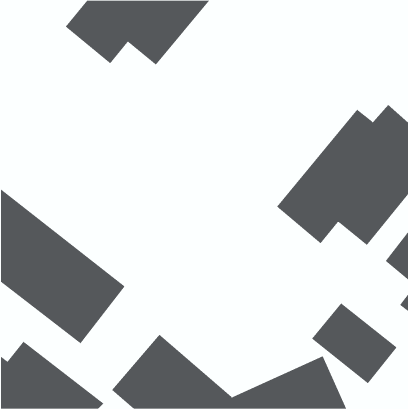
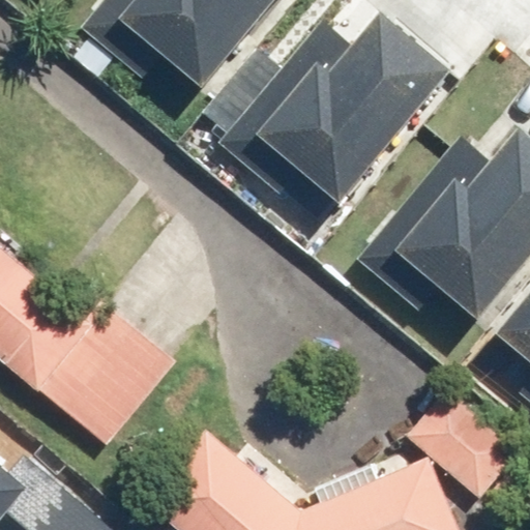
building: none -> [229,25,448,208]

